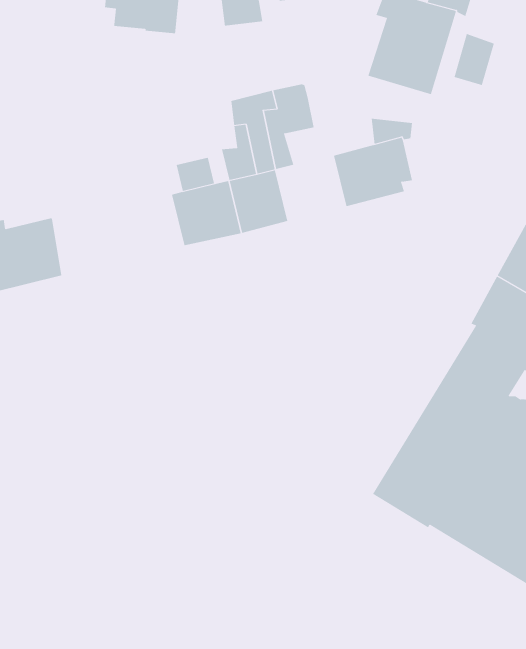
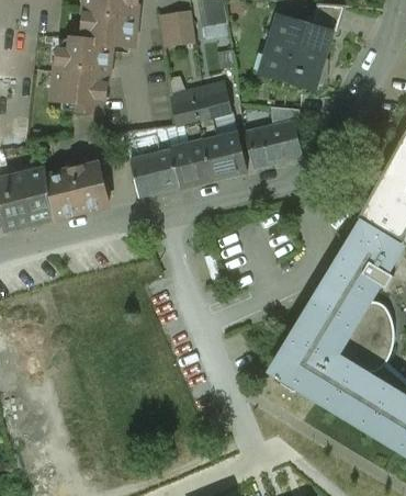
building: none -> [52,38,110,113]
building: [454,33,495,86] -> none
building: none -> [202,135,245,179]
building: none -> [45,165,106,217]

